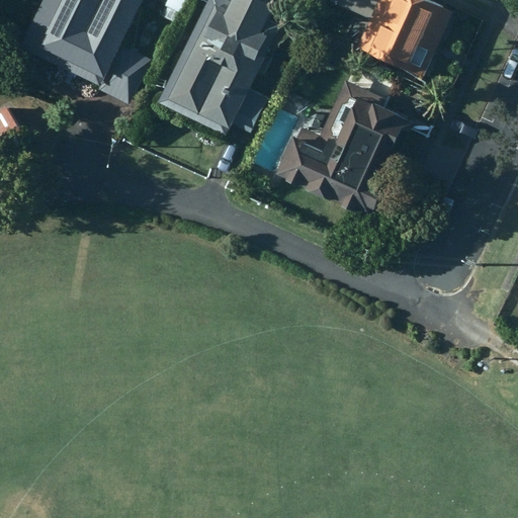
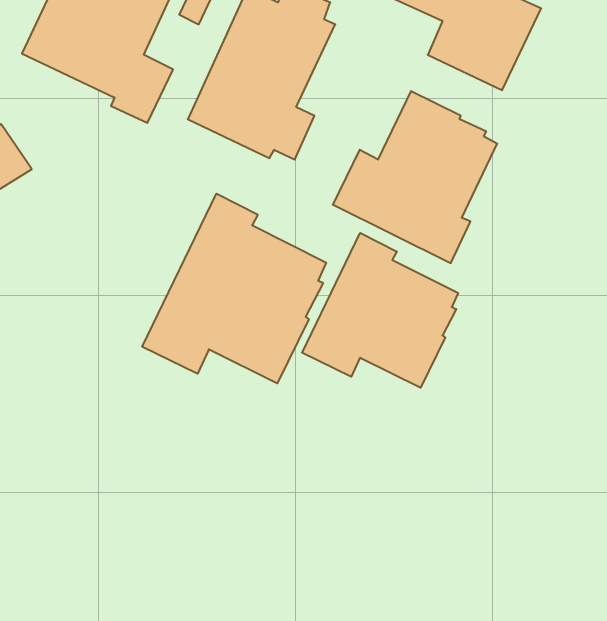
building: none -> [142,194,326,383]
building: none -> [302,233,458,388]

